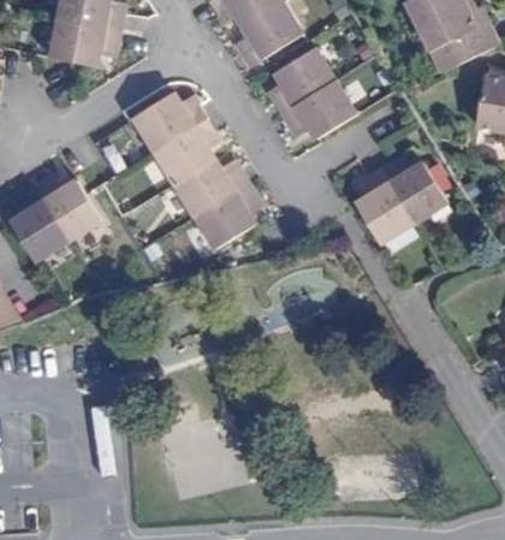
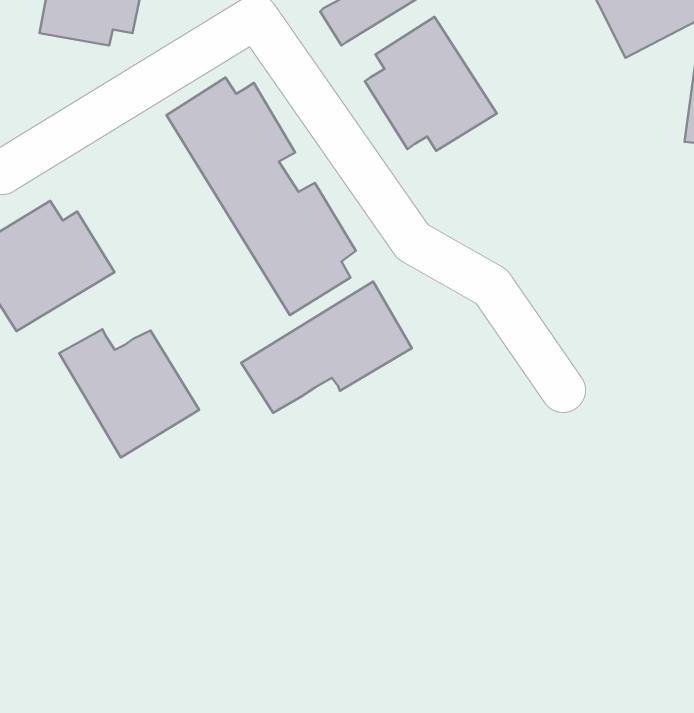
building: [355,154,446,242] -> none
building: none -> [241,282,412,413]
building: none -> [59,329,199,457]

